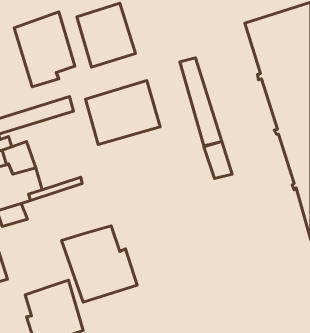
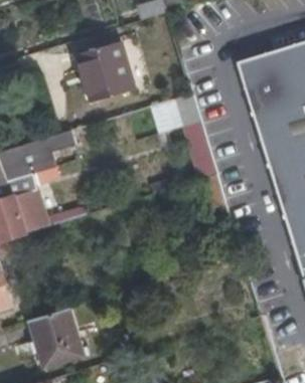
building: [14,12,75,87] -> none
building: [85,80,160,145] -> none
building: [62,226,137,302] -> none

